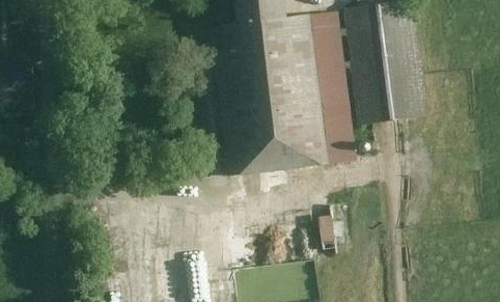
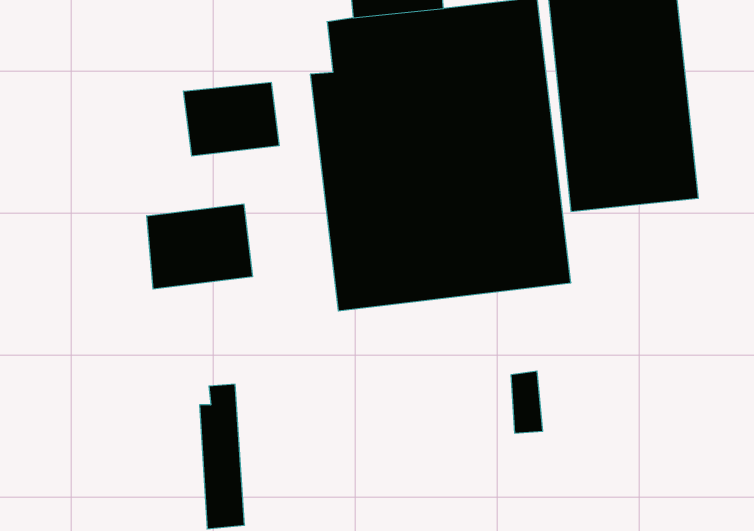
building: none -> [183,82,279,156]
building: none -> [147,204,252,289]

